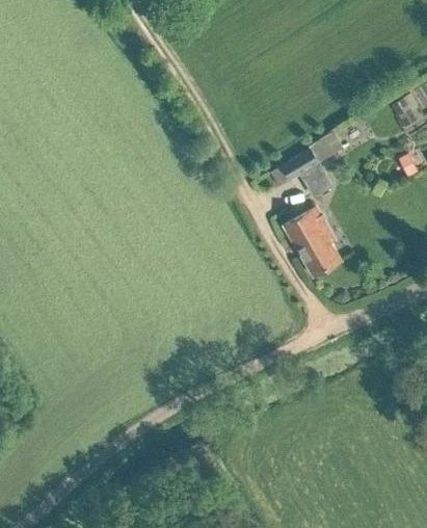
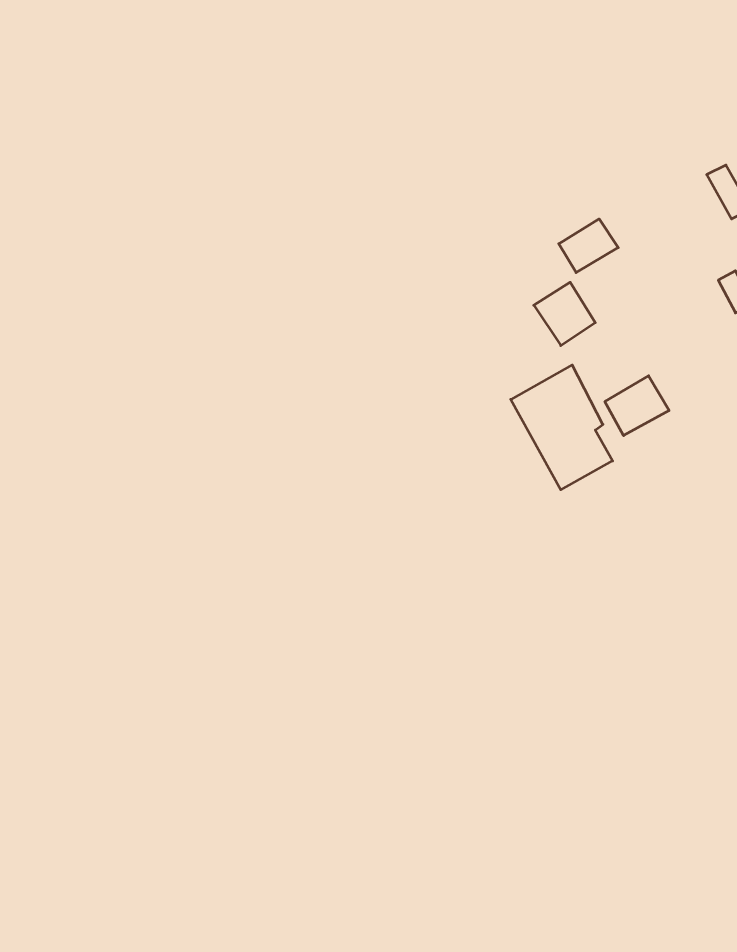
building: [281,148,318,181] -> none
building: none -> [605,376,669,436]

